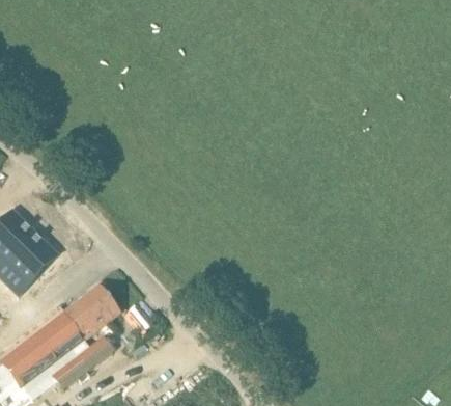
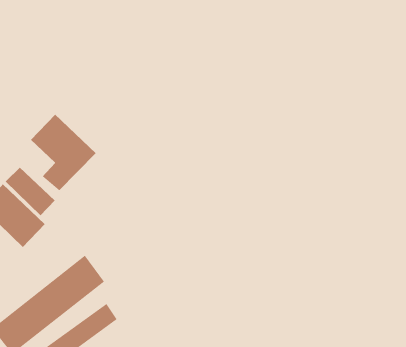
building: none -> [30,114,96,191]

